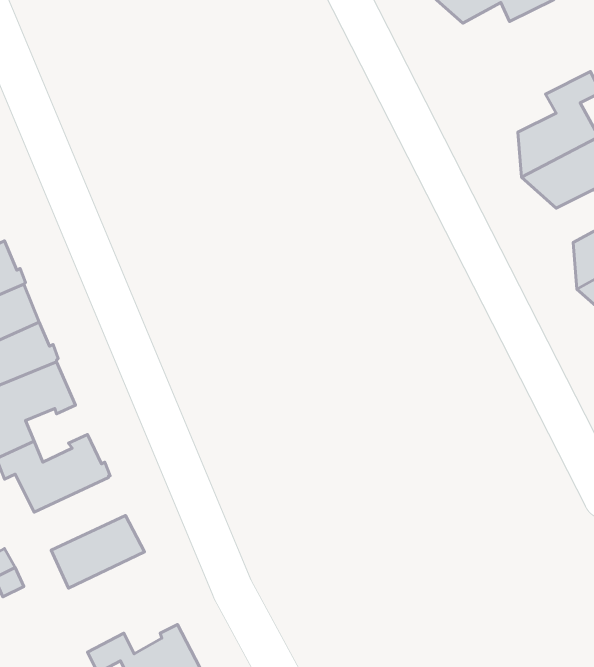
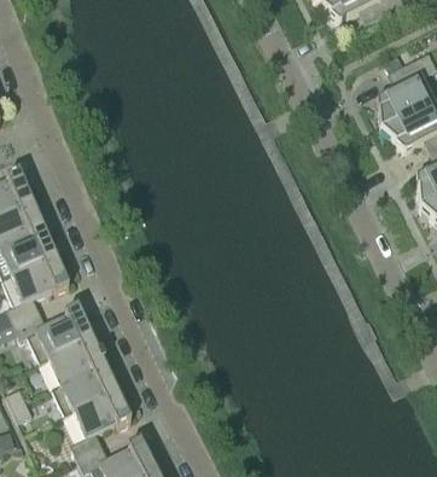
building: none -> [37,336,101,386]
building: none -> [62,388,129,458]

